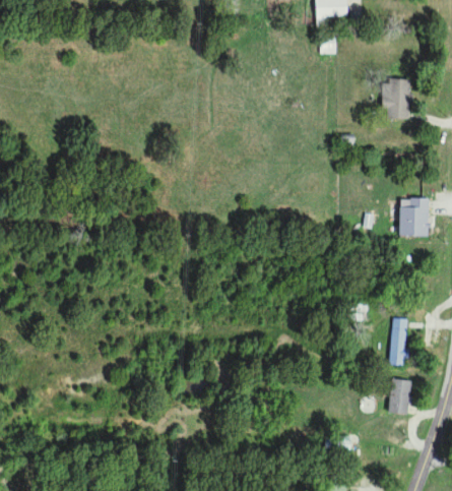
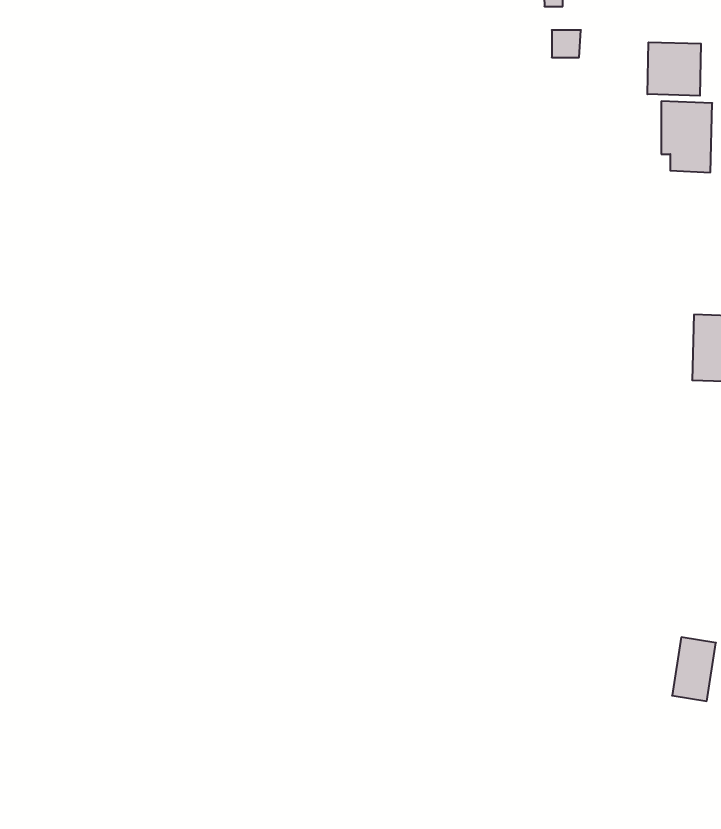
building: none -> [647,42,701,96]
building: [390,318,408,366] -> none

